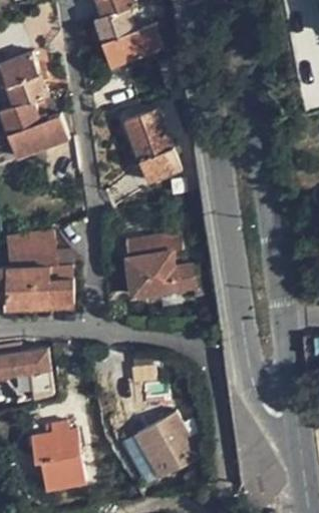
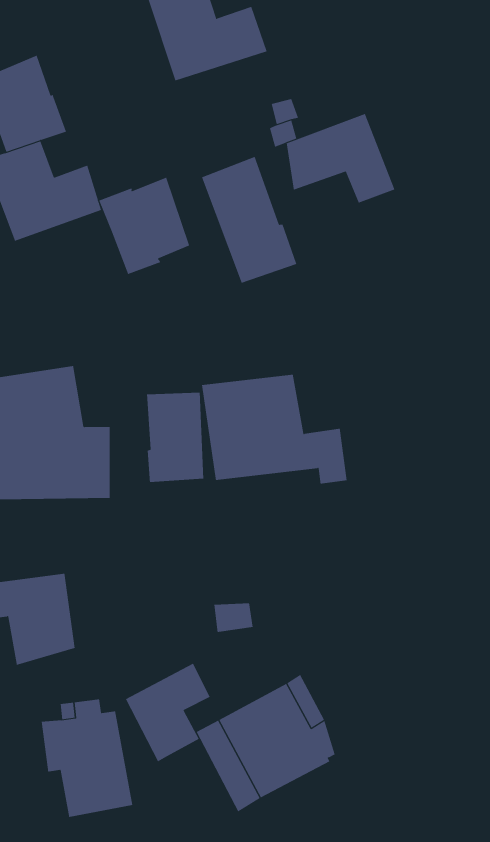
building: none -> [286,113,395,204]
building: none -> [99,177,190,275]
building: none -> [147,392,204,483]
building: none -> [125,663,211,762]

